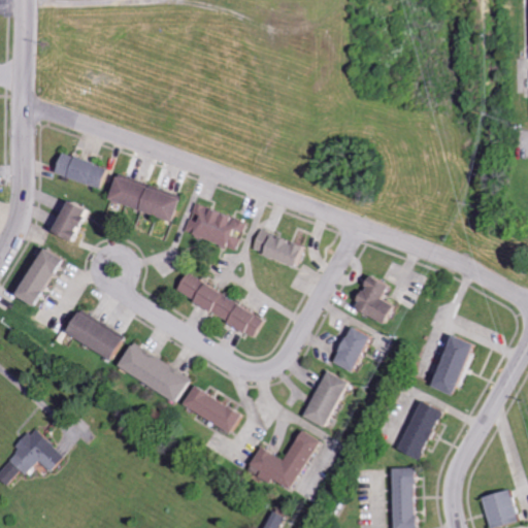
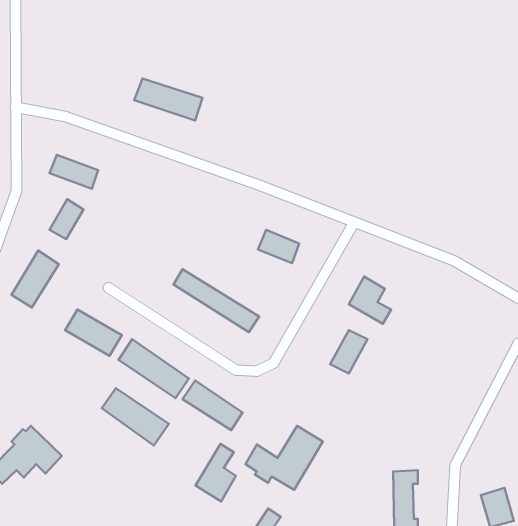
building: [104,176,172,219] -> [134,78,202,121]
building: [183,201,242,245] -> none
building: [427,342,472,401] -> none
building: [300,373,343,426] -> none
building: none -> [102,388,169,445]
building: [394,404,441,463] -> none
building: none -> [196,444,236,501]

